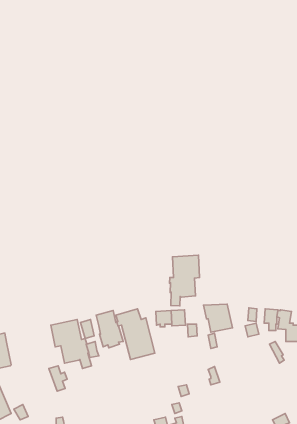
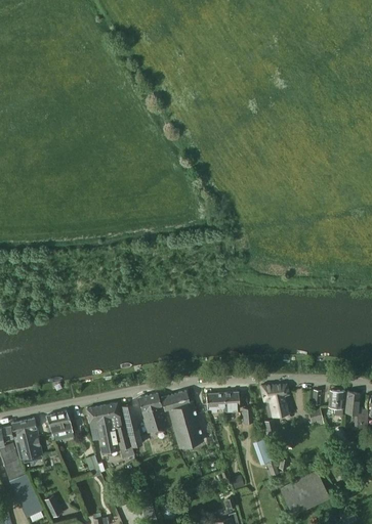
building: [170,255,200,306] -> none
building: none -> [46,411,74,441]
building: none -> [280,471,330,516]

